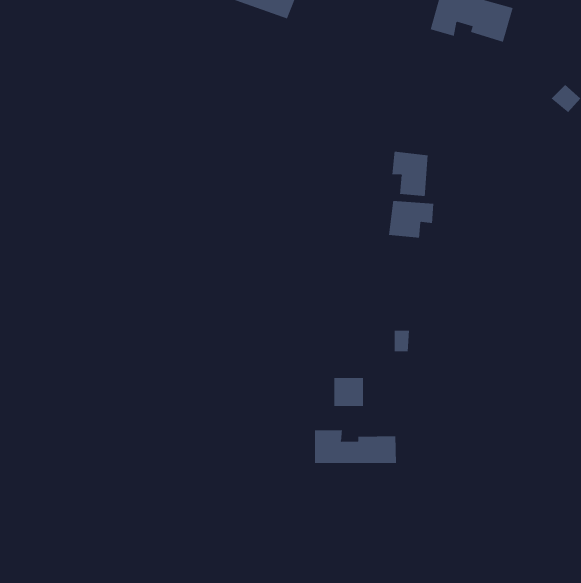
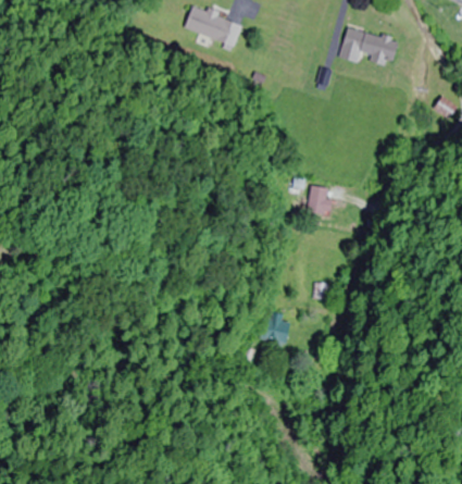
building: [392,151,428,197] -> none
building: [314,430,396,464] -> none

